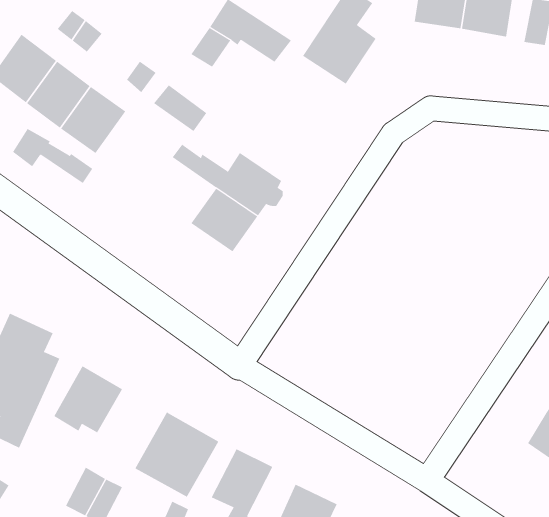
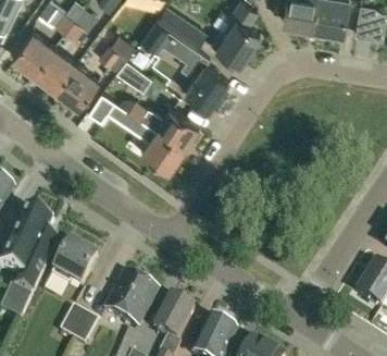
building: none -> [165,35,228,110]
building: [12,128,93,184] -> [90,94,142,130]

